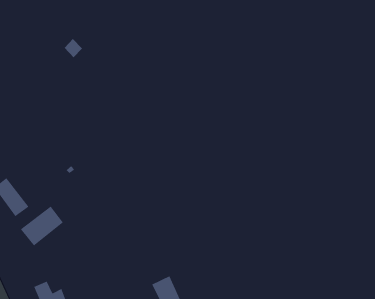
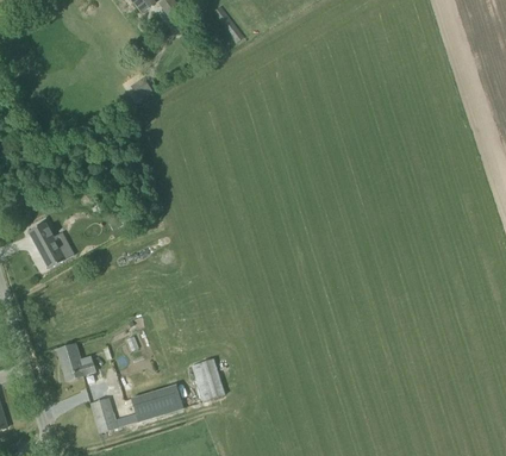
building: [20,206,64,247] -> none

